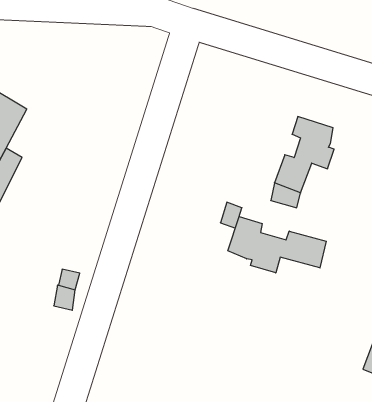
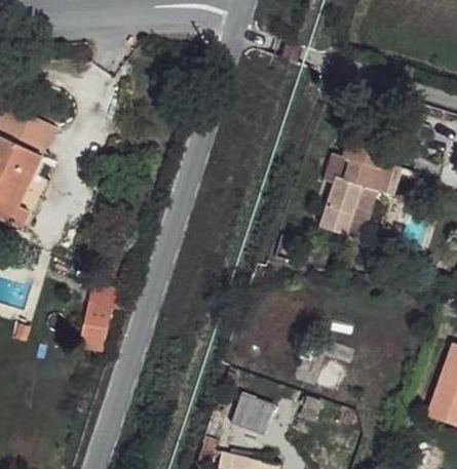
building: [228,216,326,273] -> none
building: none -> [232,395,272,432]

